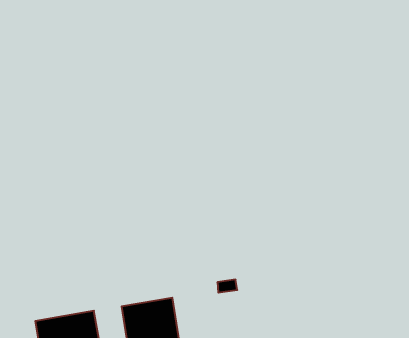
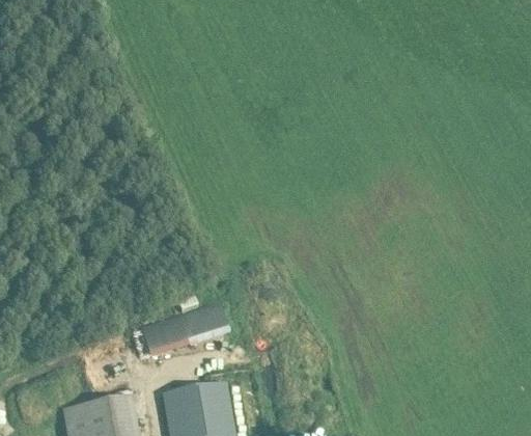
building: none -> [139,299,228,355]

